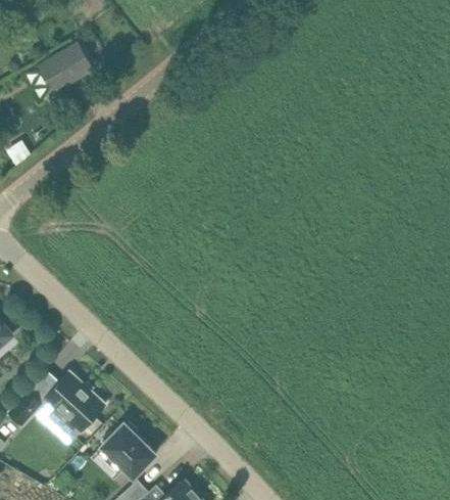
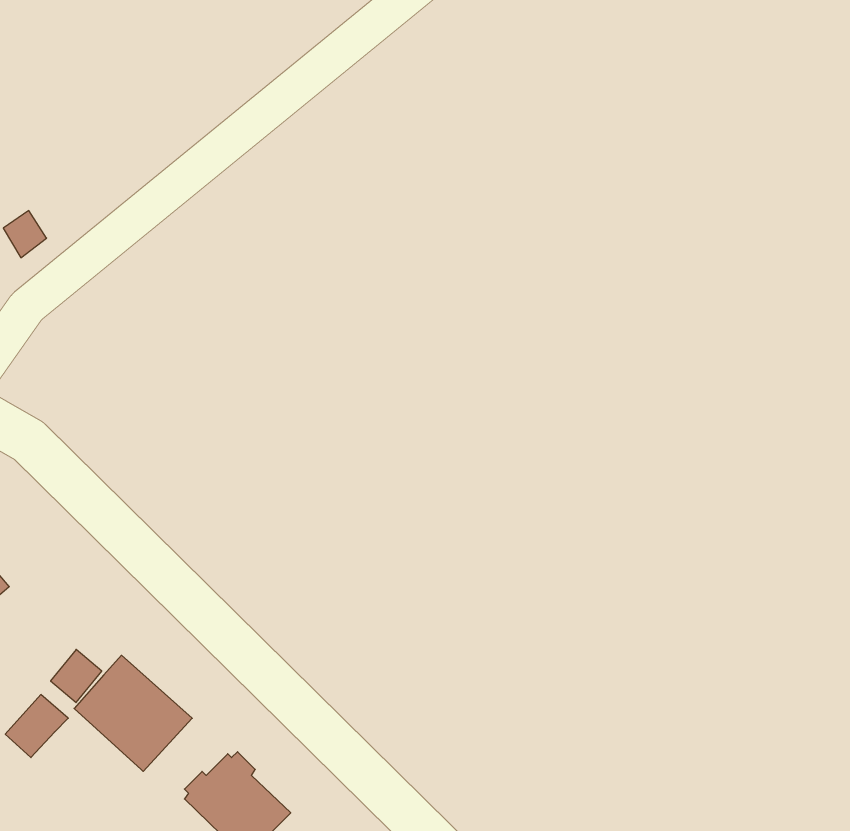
building: [37,42,93,89] -> none

